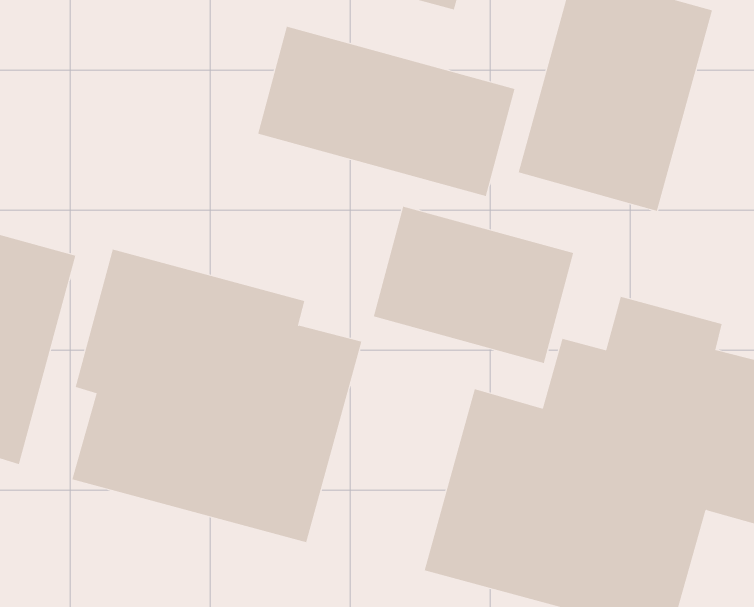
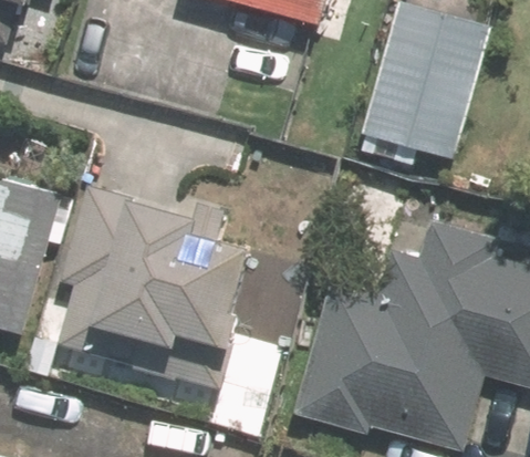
building: [258,26,515,197] -> none
building: [373,206,574,364] -> none

